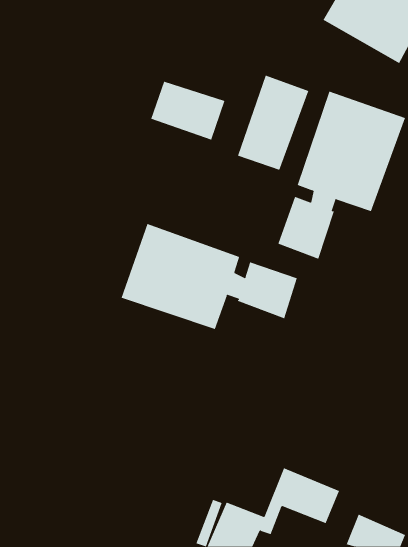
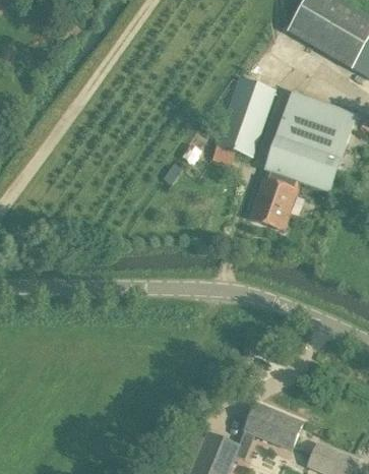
building: [150,81,225,140] -> none
building: [121,223,298,330] -> none

